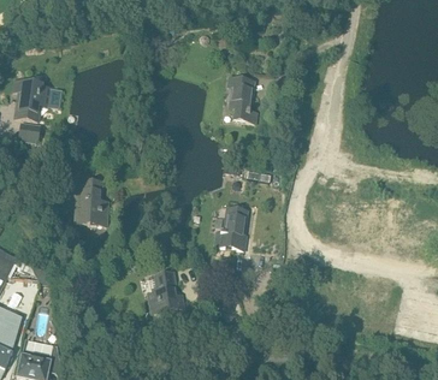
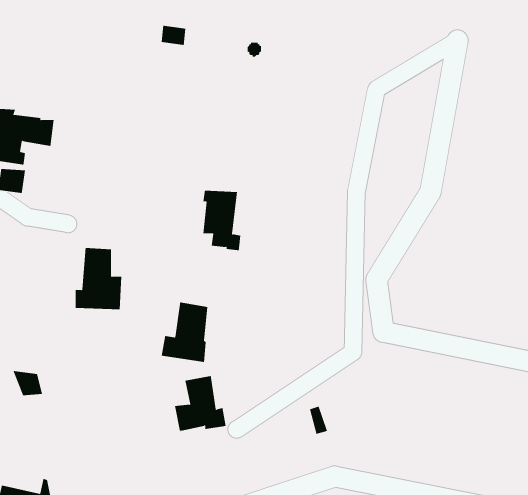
building: [227,79,255,123] -> [202,190,241,251]
building: [212,207,245,250] -> [161,302,208,362]

